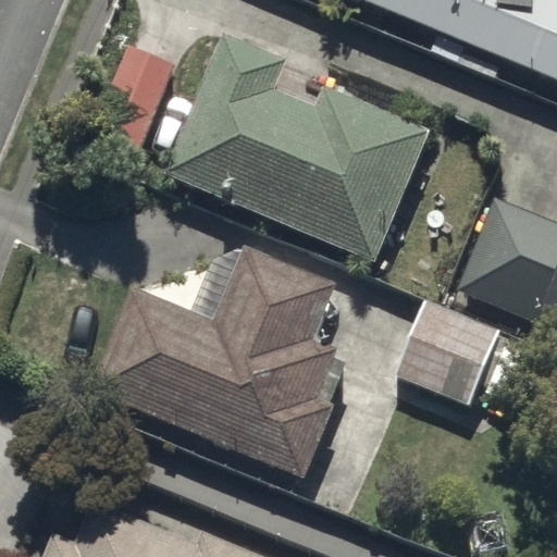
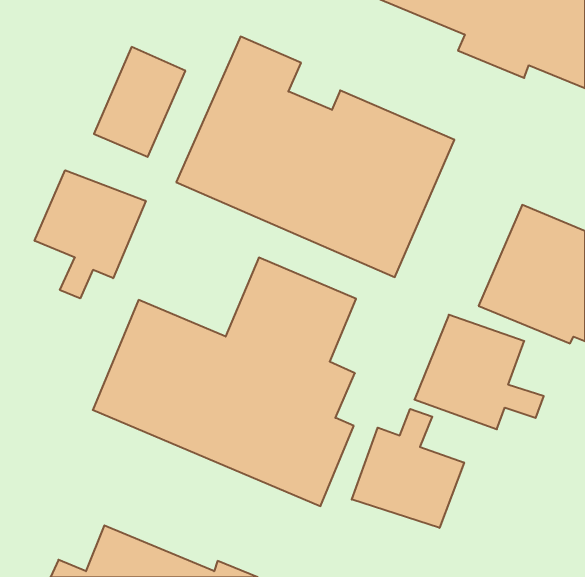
building: none -> [35,170,146,298]
building: none -> [352,409,464,528]

